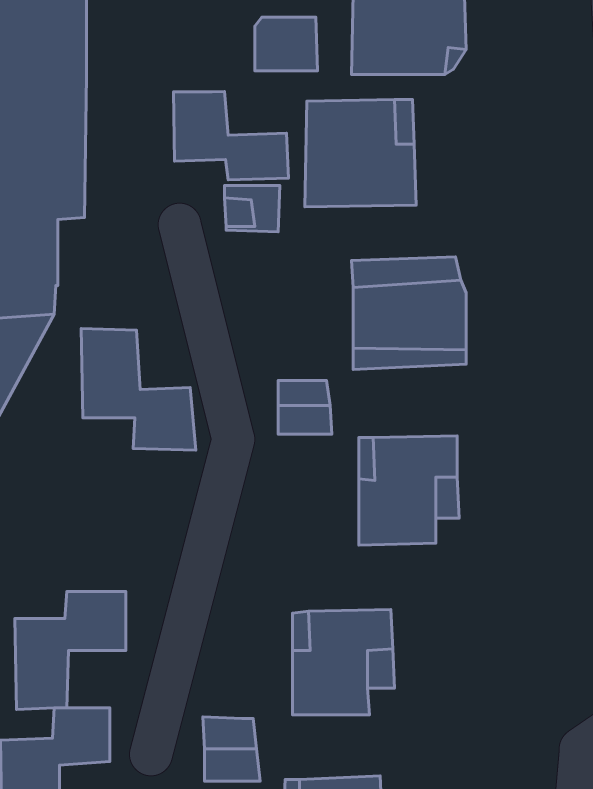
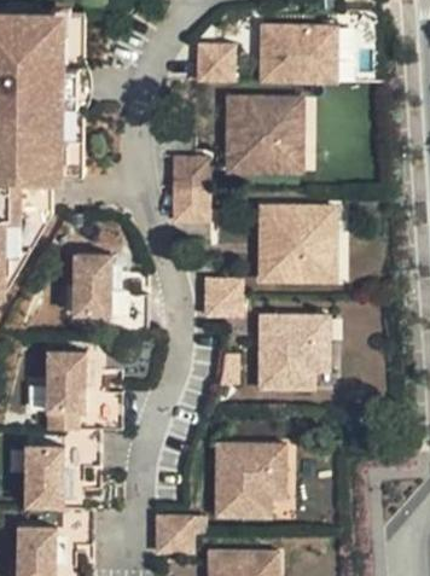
building: [174,92,288,180] -> none
building: none -> [169,184,204,221]
building: none -> [46,347,122,427]

